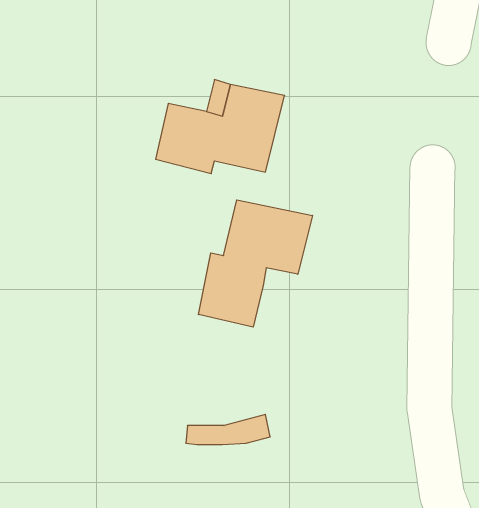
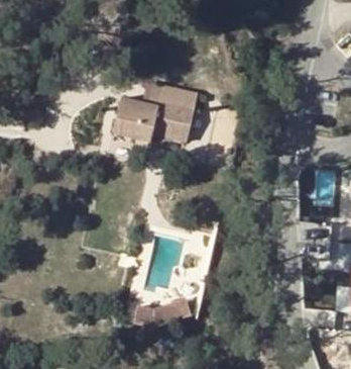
building: [198,200,312,327] -> none

